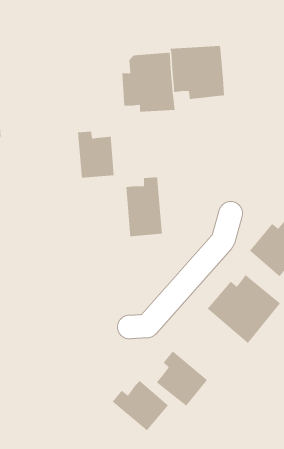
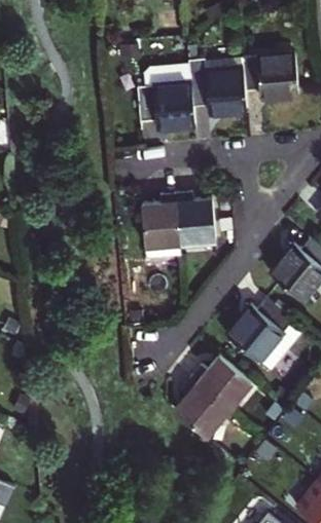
building: none -> [242,54,299,101]
building: [77,131,115,178] -> [176,196,215,246]
building: [112,380,169,431] -> [191,357,251,410]

